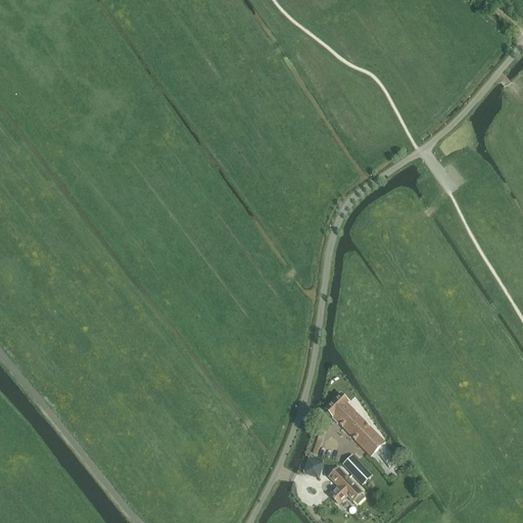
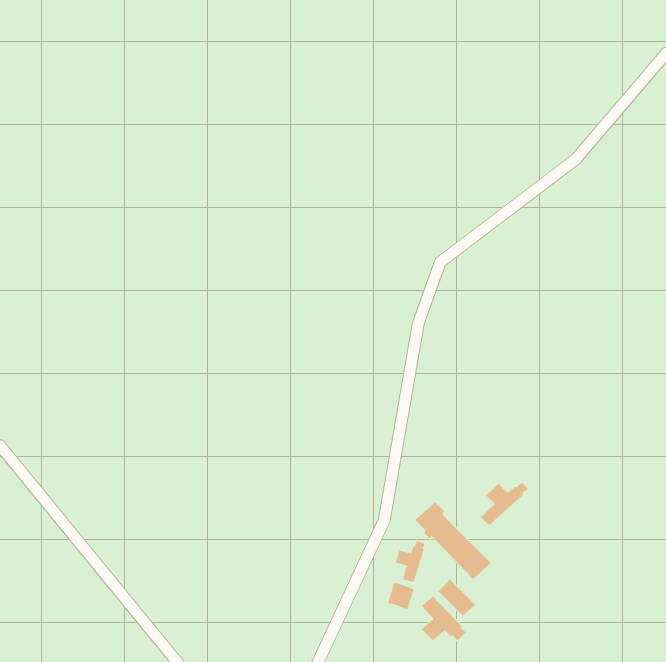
building: none -> [480,481,529,526]
building: none -> [395,540,426,583]

